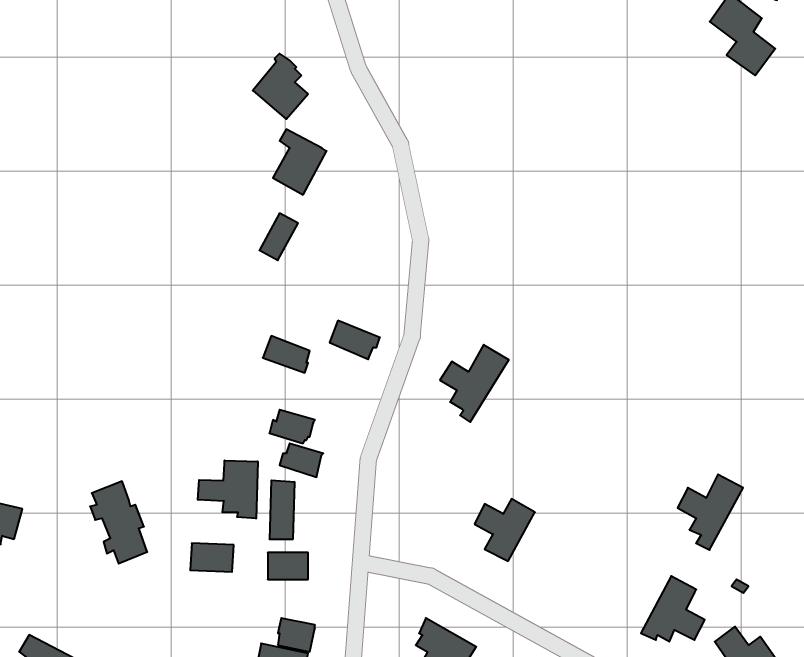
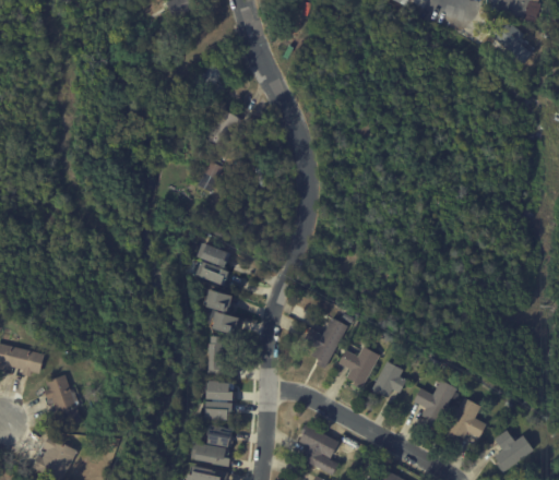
building: [330,321,380,359] -> [199,259,231,284]
building: [440,345,509,422] -> [302,317,347,368]
building: [198,460,258,519] -> none
building: [678,474,743,550] -> [414,380,456,429]
building: [90,481,147,564] -> [44,374,81,428]
building: none -> [369,362,404,399]
building: [190,543,234,572] -> [200,400,228,419]

